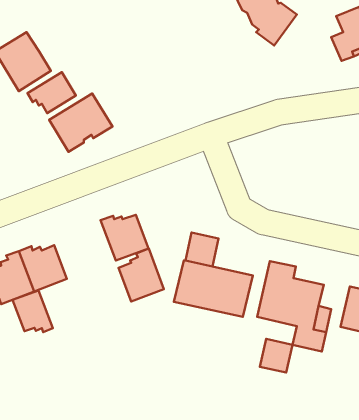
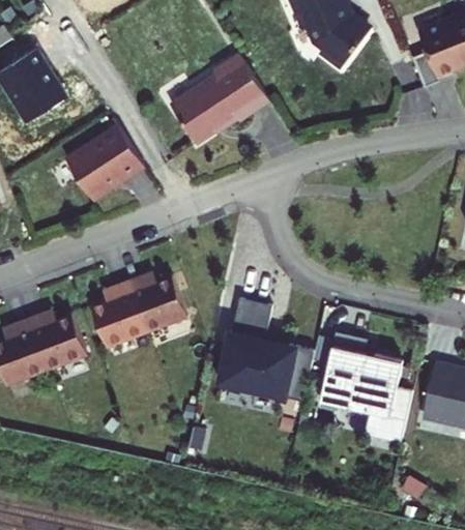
building: none -> [169,55,268,143]
building: [27,72,76,113] -> none
building: [118,249,164,302] -> [90,282,146,347]
building: [13,290,53,332] -> none
building: [260,339,293,373] -> none

